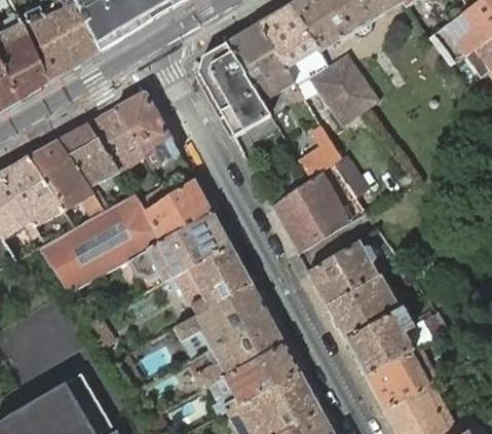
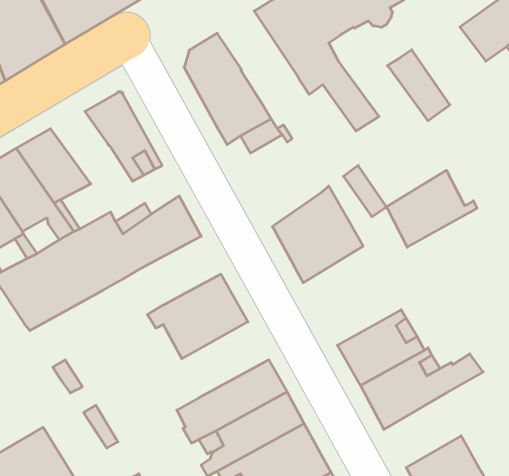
building: [226,25,295,102] -> none
building: [328,53,380,113] -> [387,50,450,121]
building: [86,109,138,171] -> none
building: [300,126,340,178] -> none
building: [130,214,229,282] -> none
building: [309,241,385,305] -> [386,170,477,247]
building: [175,286,269,350] -> none
building: [366,346,436,408] -> none

